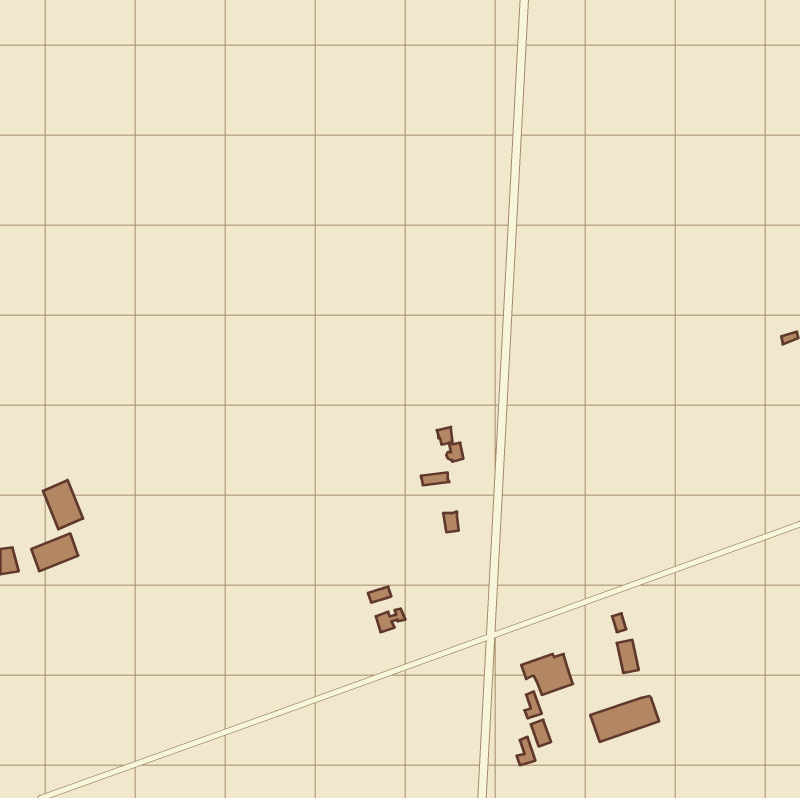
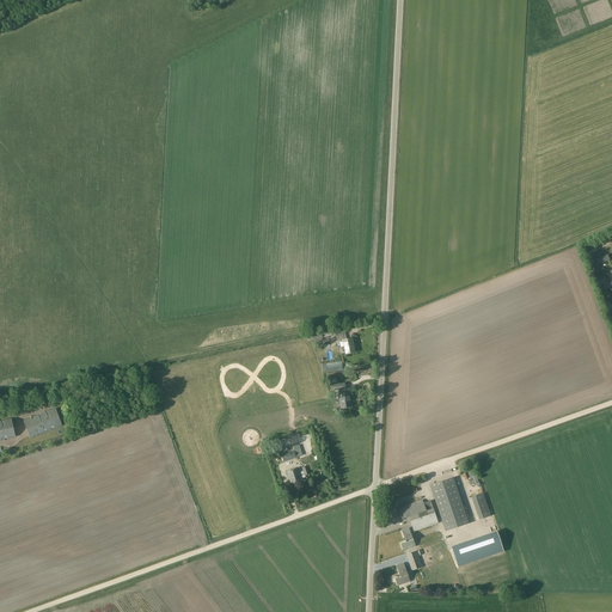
building: [43,480,83,529] -> none
building: none -> [430,477,469,531]

